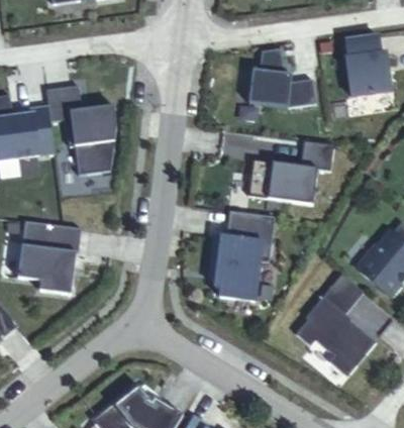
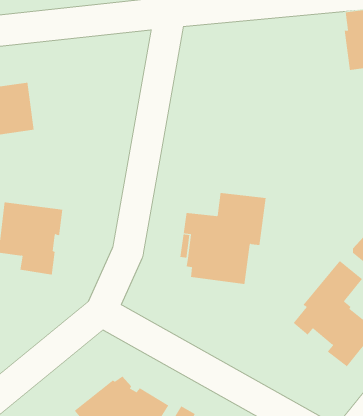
building: [246,47,315,107] -> none
building: [45,85,117,176] -> none
building: [245,140,335,205] -> none

